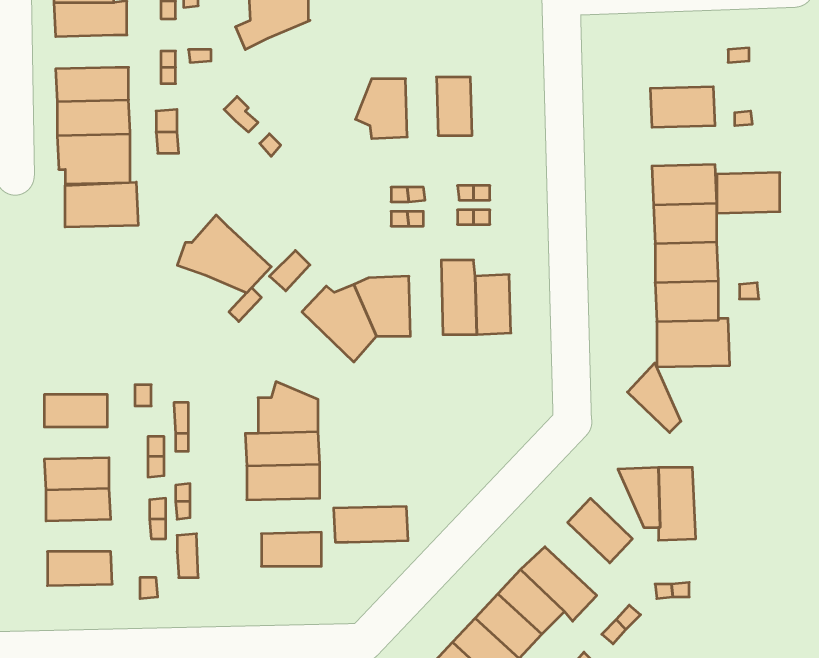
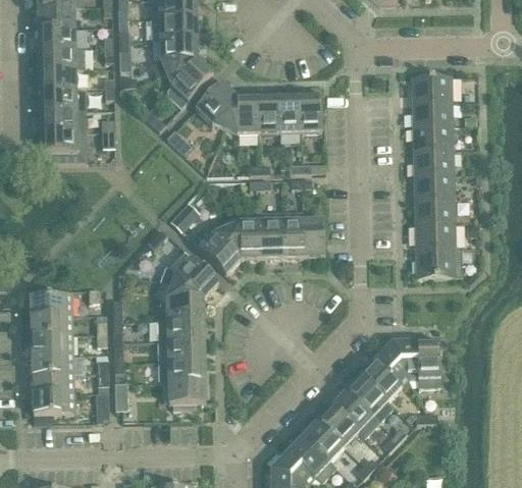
building: none -> [167,58,214,107]
building: none -> [39,67,76,89]
building: none -> [413,74,453,101]
building: none -> [196,80,238,122]
building: none -> [300,93,322,130]
building: none -> [259,94,279,131]
building: [717,173,780,213] -> [414,124,454,150]
building: [65,182,138,227] -> none
building: [177,215,271,293] -> [160,248,219,296]
building: none -> [261,209,282,257]
building: [627,363,681,433] -> [375,340,409,384]
building: none -> [32,314,72,334]
building: [334,507,408,542] -> [159,359,206,381]
building: none -> [33,372,73,392]
building: none -> [347,374,394,420]

